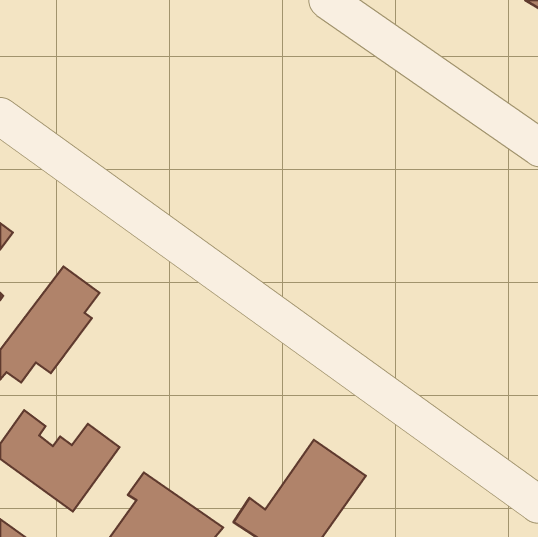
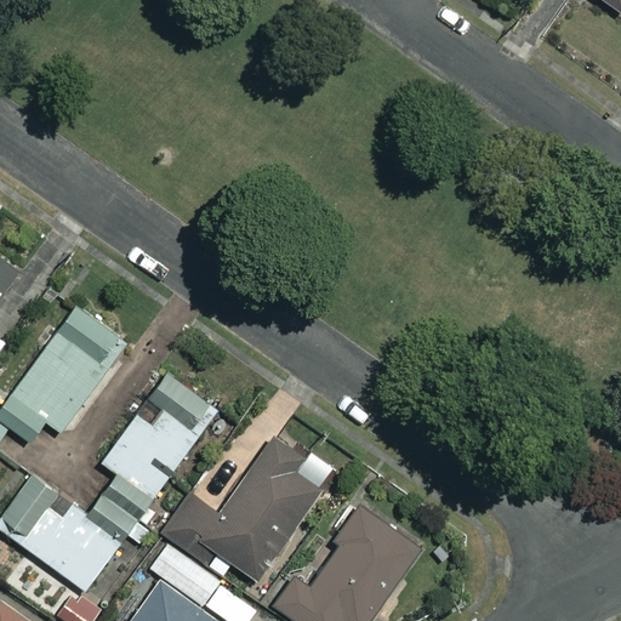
building: none -> [102,374,216,517]
building: none -> [165,438,319,580]

